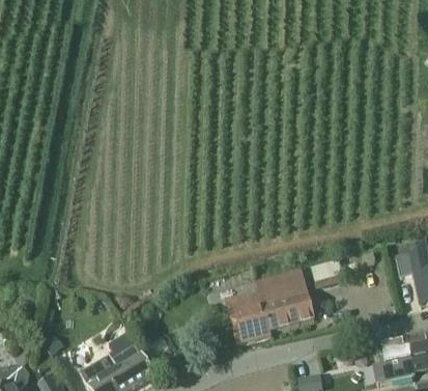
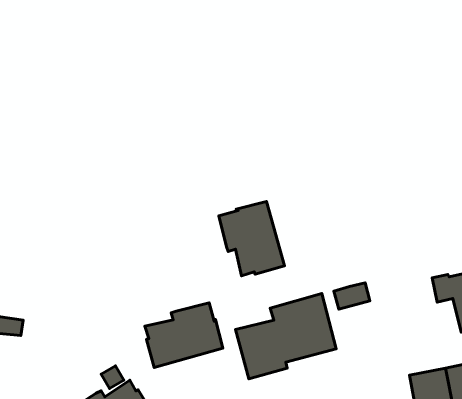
building: none -> [219,202,284,276]
building: none -> [145,303,223,367]

